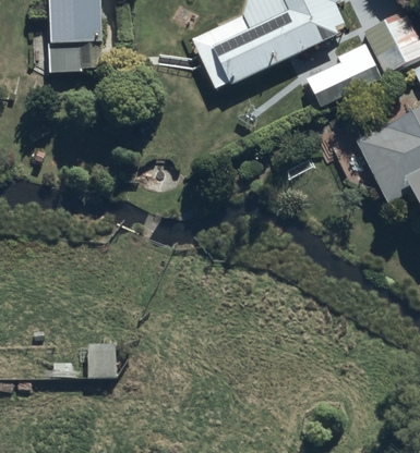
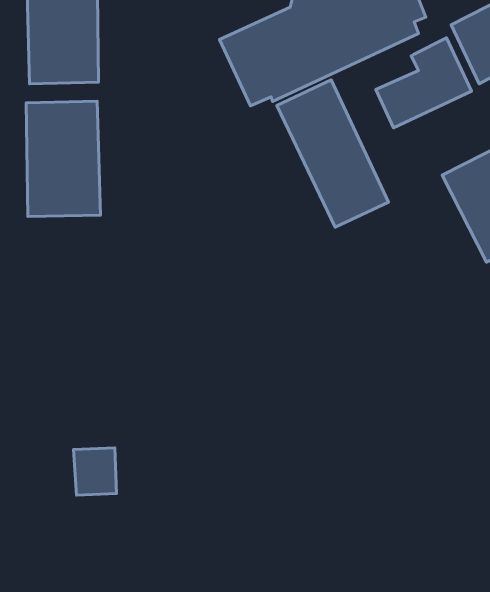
building: none -> [277,80,388,227]
building: none -> [26,101,101,217]

